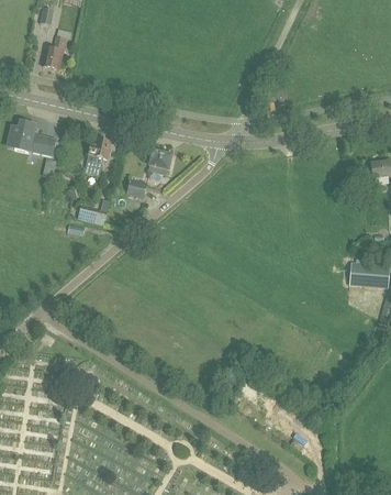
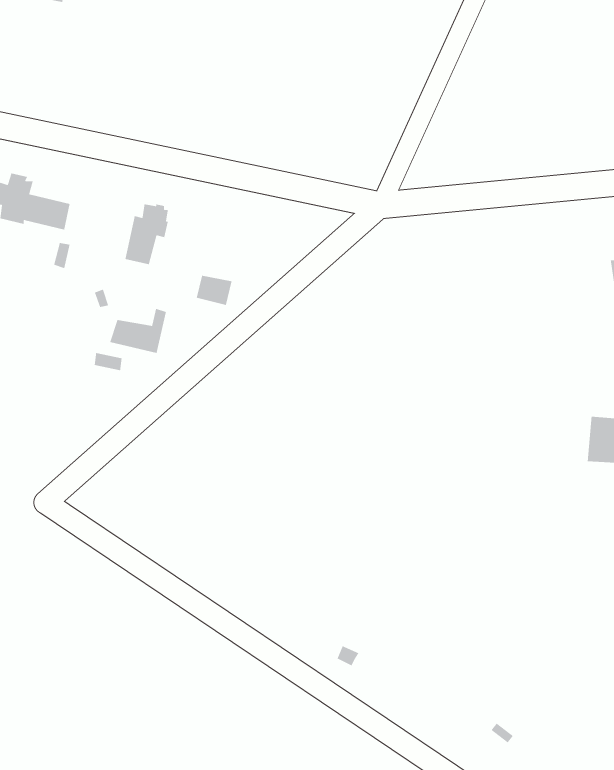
building: [42,36,68,69] -> none
building: [147,149,172,175] -> none

